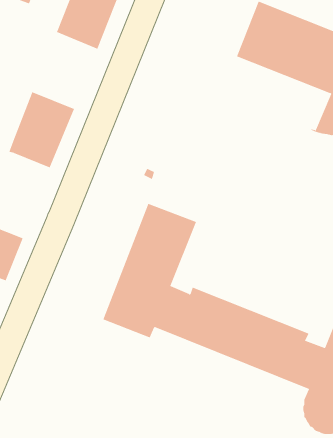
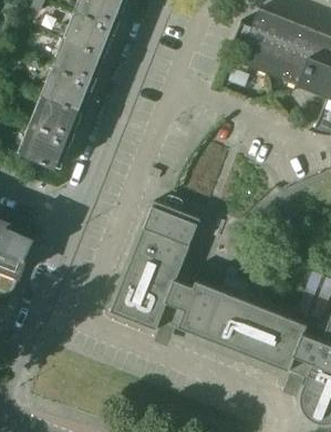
building: none -> [42,39,105,112]

